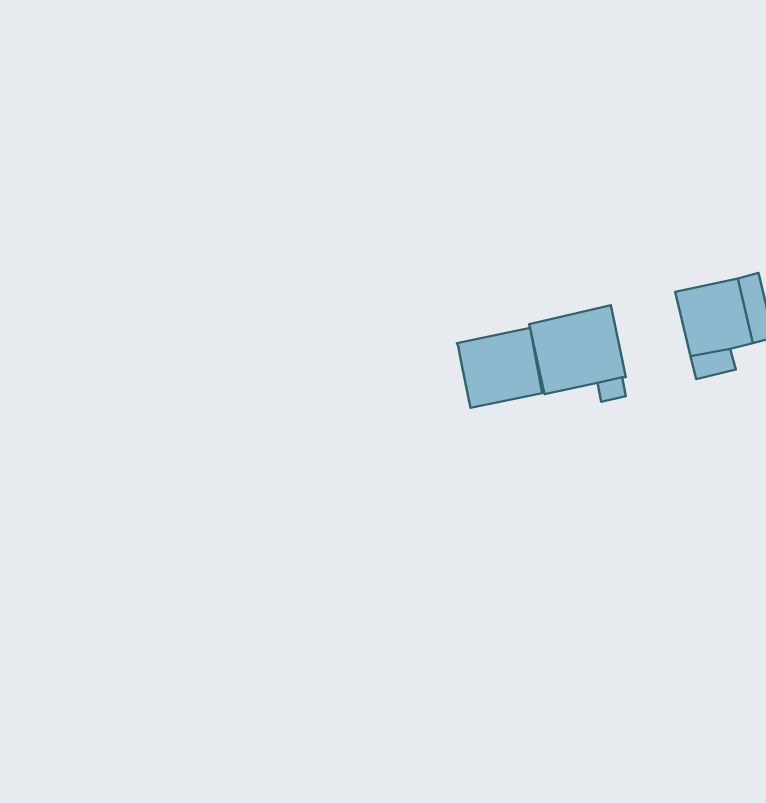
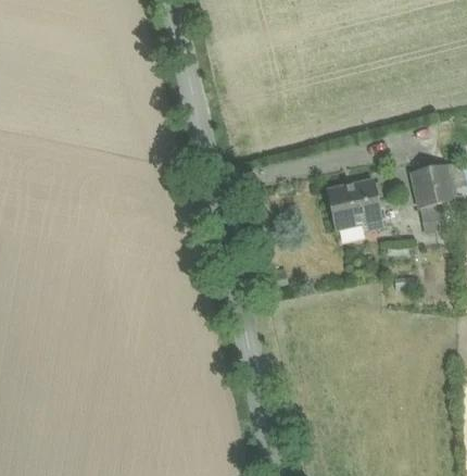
building: [457,328,542,408] -> none

